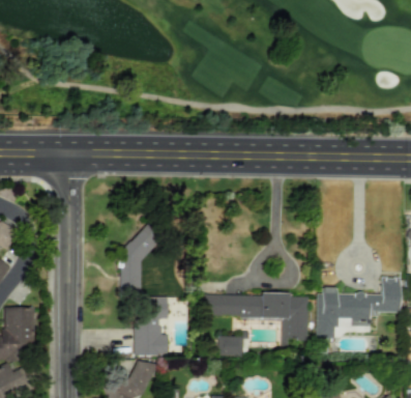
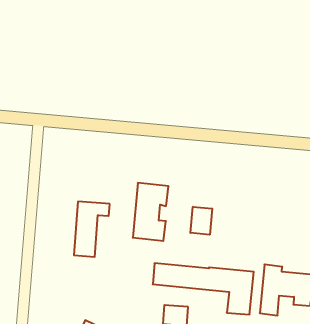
building: none -> [190,207,212,235]
building: [135,297,168,356] -> [133,183,169,241]

